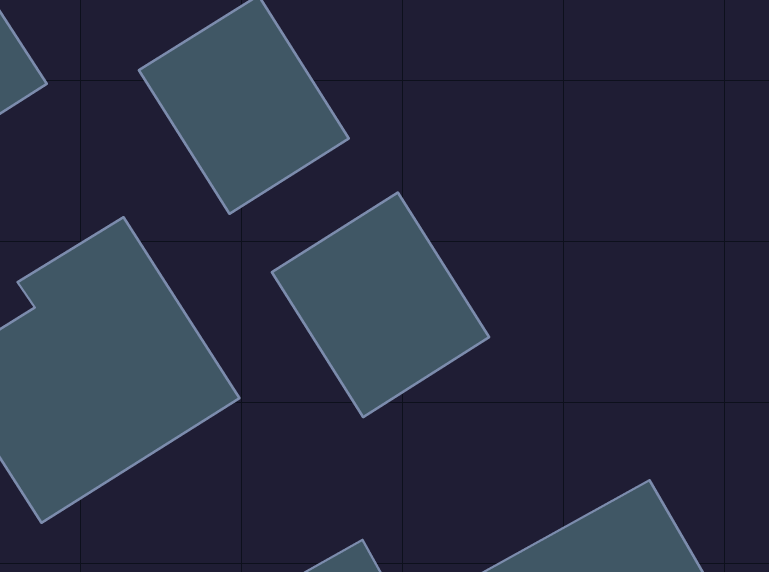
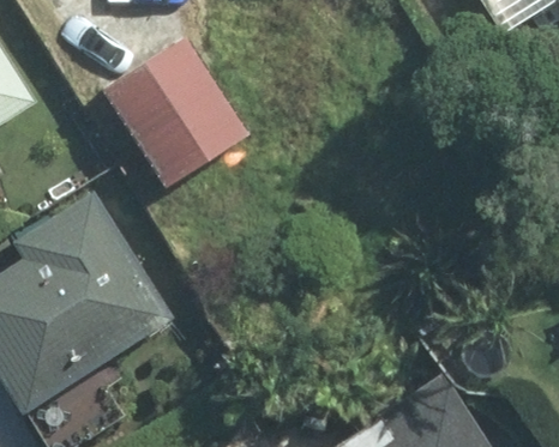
building: [272,192,489,417] -> none

